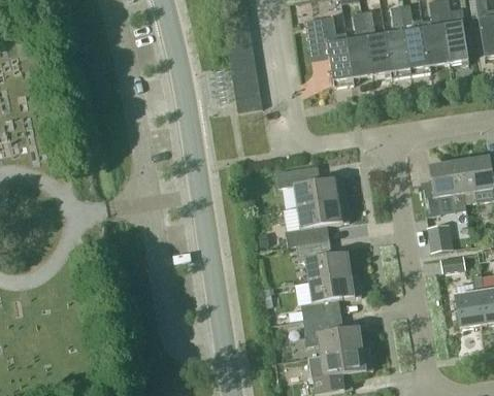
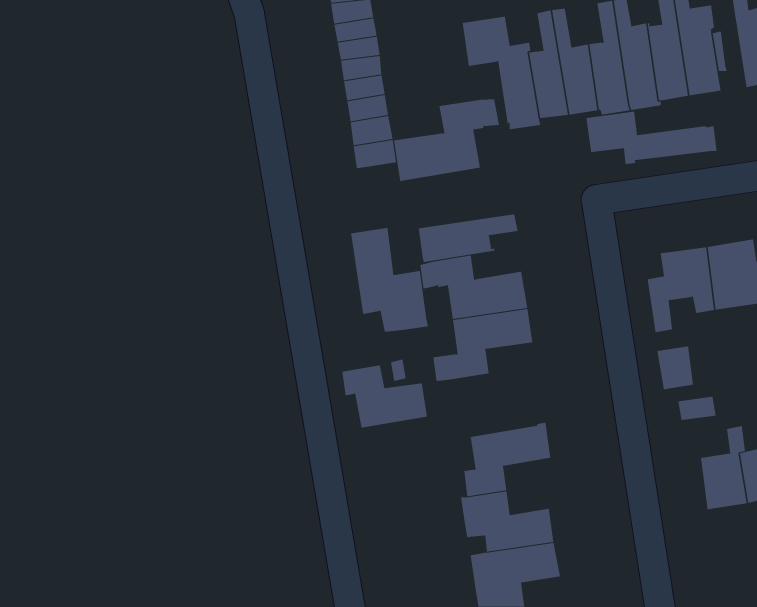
building: none -> [394,98,500,182]
building: none -> [586,111,717,165]
building: none -> [418,213,518,263]
building: none -> [351,227,429,333]
building: [296,240,351,280] -> [341,365,427,428]

